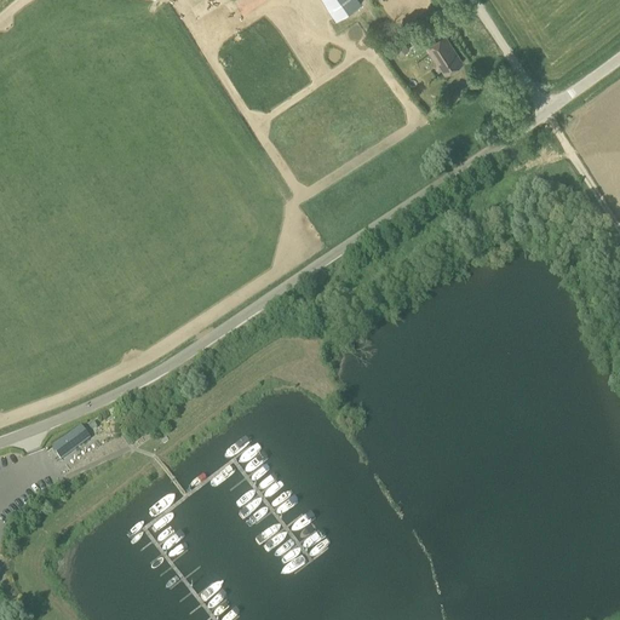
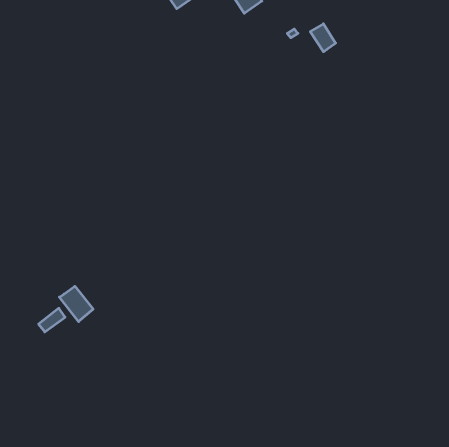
building: none -> [59,286,93,322]

